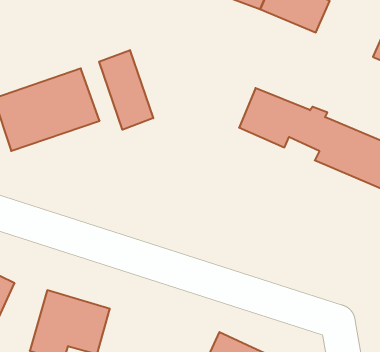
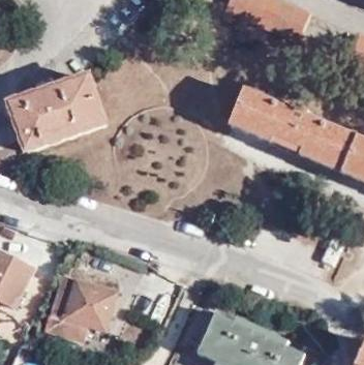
building: [99,50,153,130] -> none

